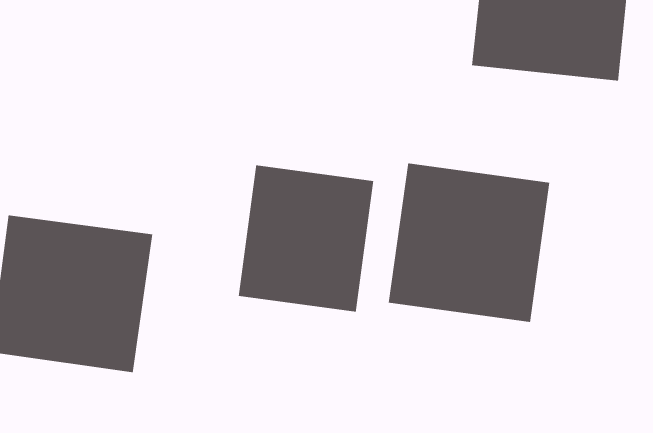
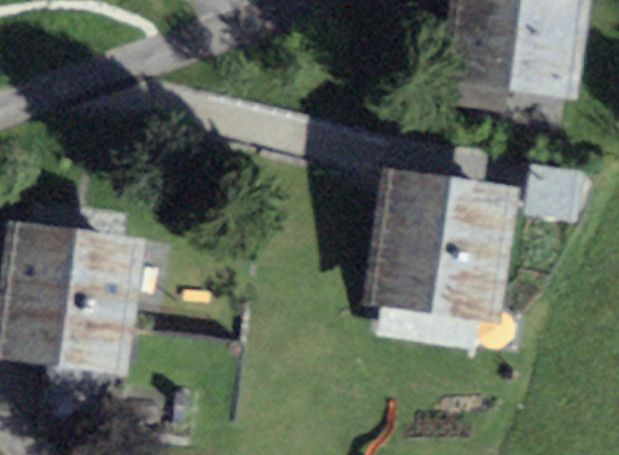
building: [238,165,374,312] -> none

